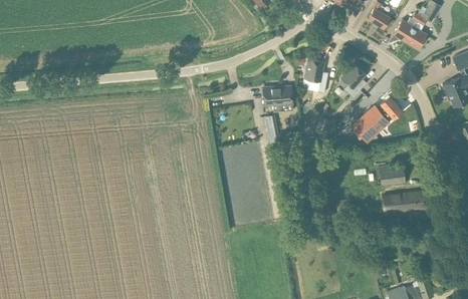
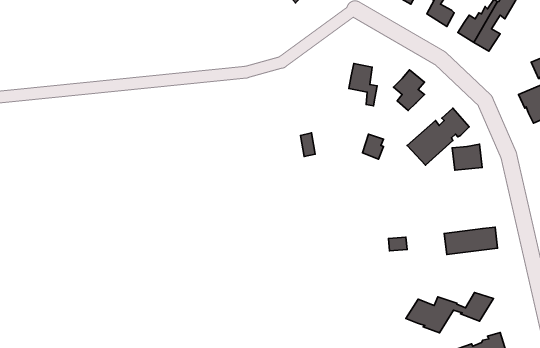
building: [261,86,292,105] -> none
building: [380,164,404,185] -> [452,144,482,170]
building: none -> [406,292,494,333]

